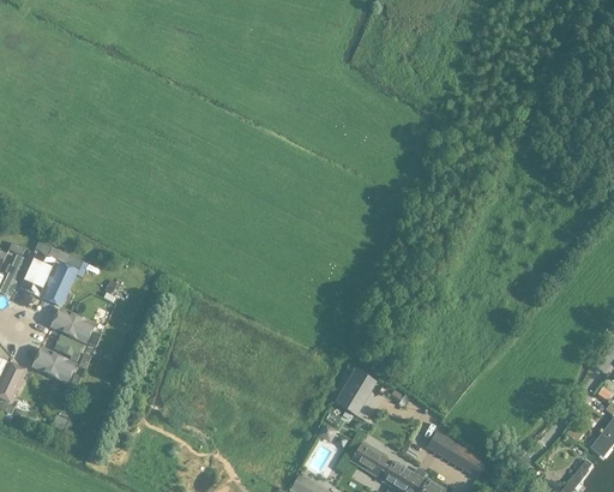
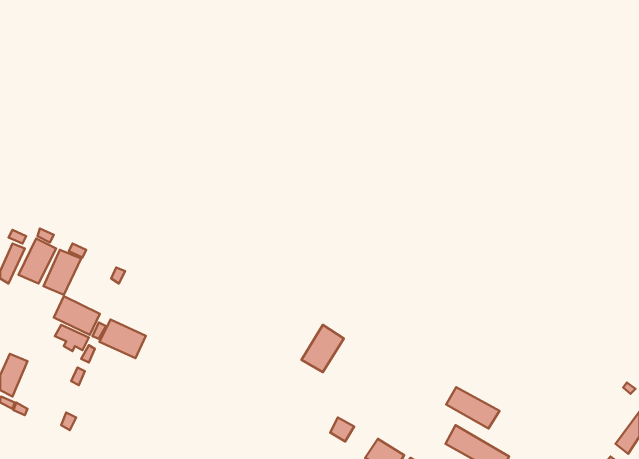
building: [31,348,76,385] -> [99,319,146,358]
building: [335,368,375,414] -> [301,325,344,372]
building: none -> [446,387,500,429]

